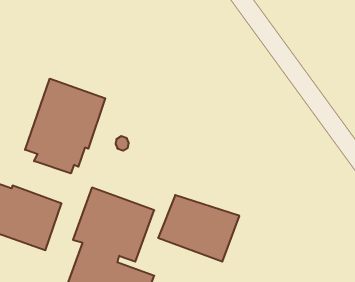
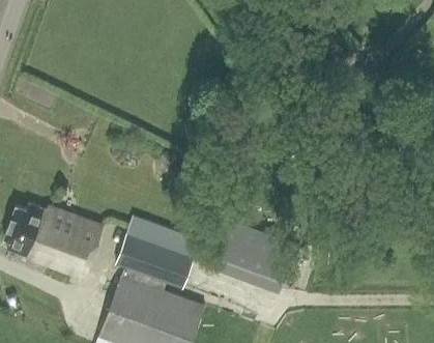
building: [25,79,105,173] -> none

